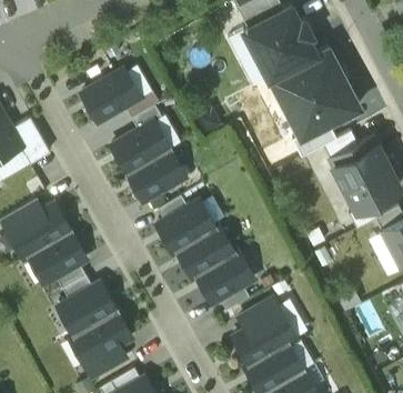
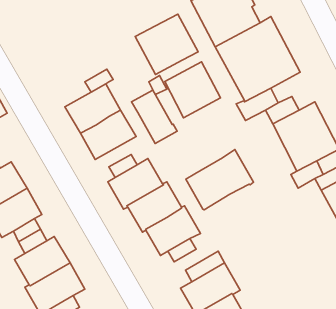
building: none -> [135,14,198,74]
building: [82,70,141,123] -> none
building: none -> [165,62,220,118]
building: none -> [132,90,177,143]
building: none -> [186,150,253,210]

